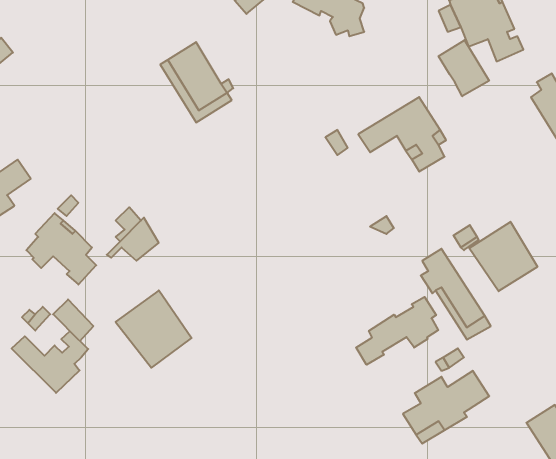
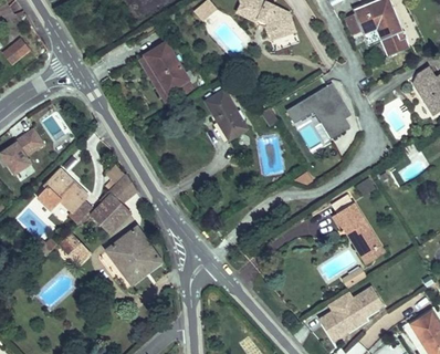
building: [439,40,489,96] -> none
building: none -> [205,91,247,140]
building: [469,222,537,291] -> none
building: none -> [90,195,129,235]
building: [356,297,438,365] -> none
building: [12,331,88,393] -> none

